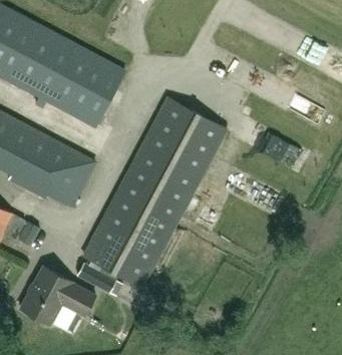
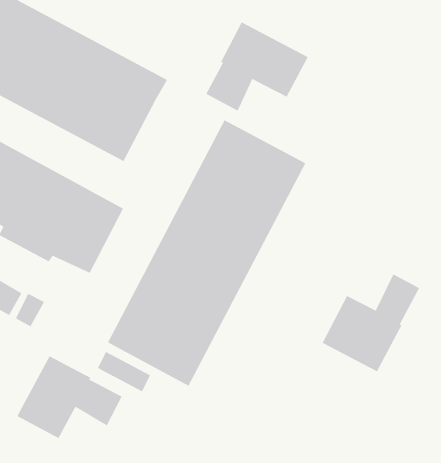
building: none -> [205,22,308,111]
building: none -> [322,273,420,372]

